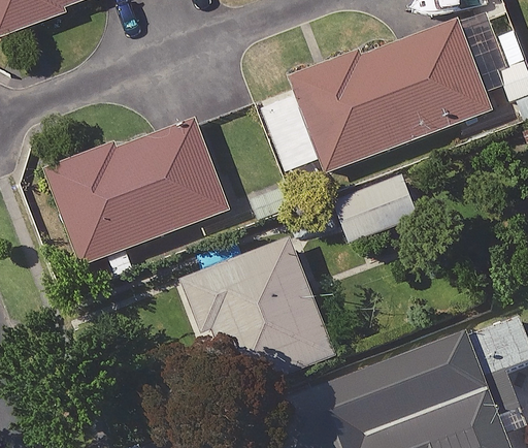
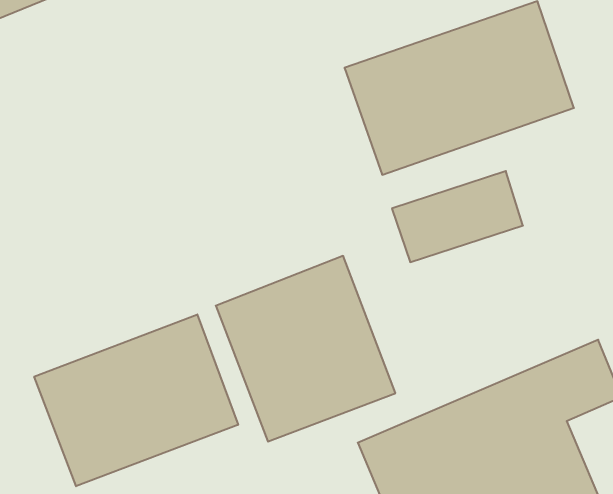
building: [47,121,230,261] -> none
building: none -> [34,314,238,486]

